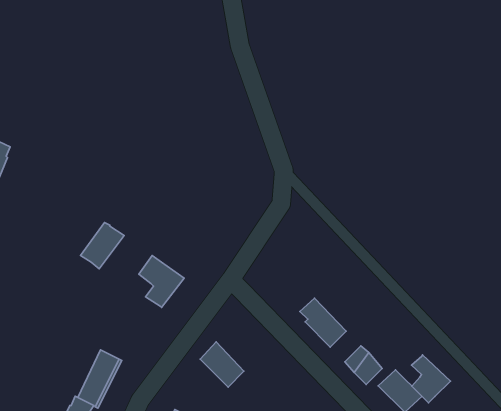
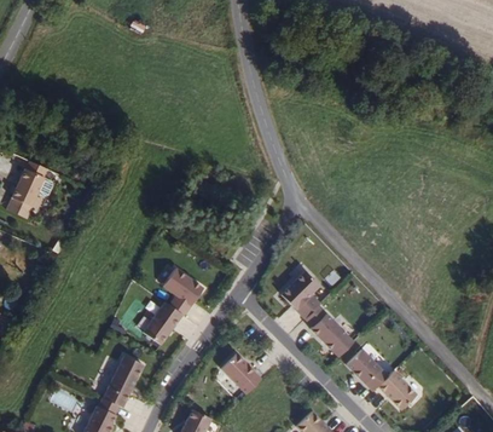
building: [80,222,124,269] -> [140,304,180,346]
building: none -> [283,272,323,321]
building: [411,355,450,403] -> none

